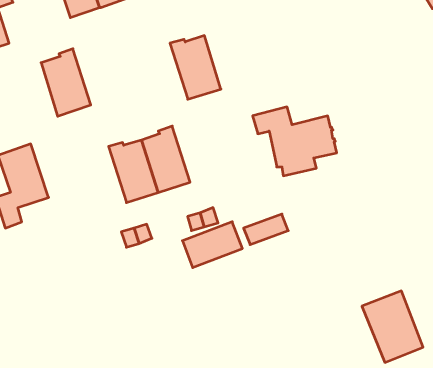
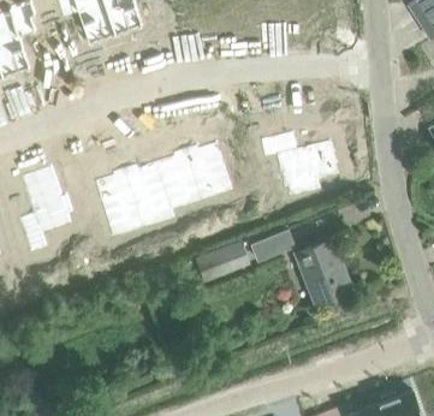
building: [170,36,221,99] -> [184,143,232,203]
building: [41,49,91,116] -> [94,170,141,233]
building: [362,291,423,362] -> [295,239,352,307]

